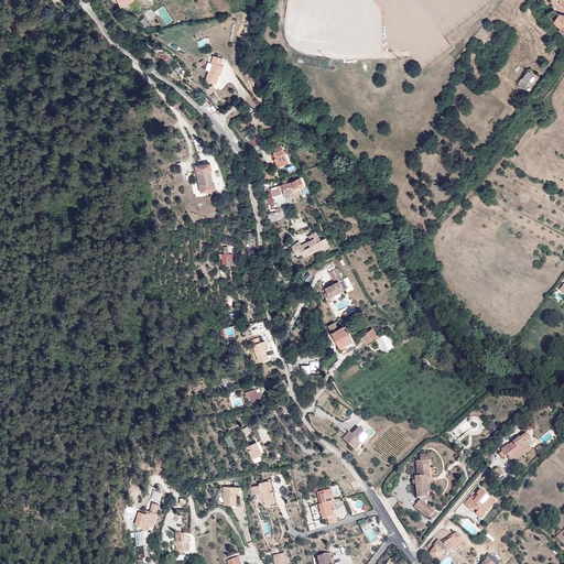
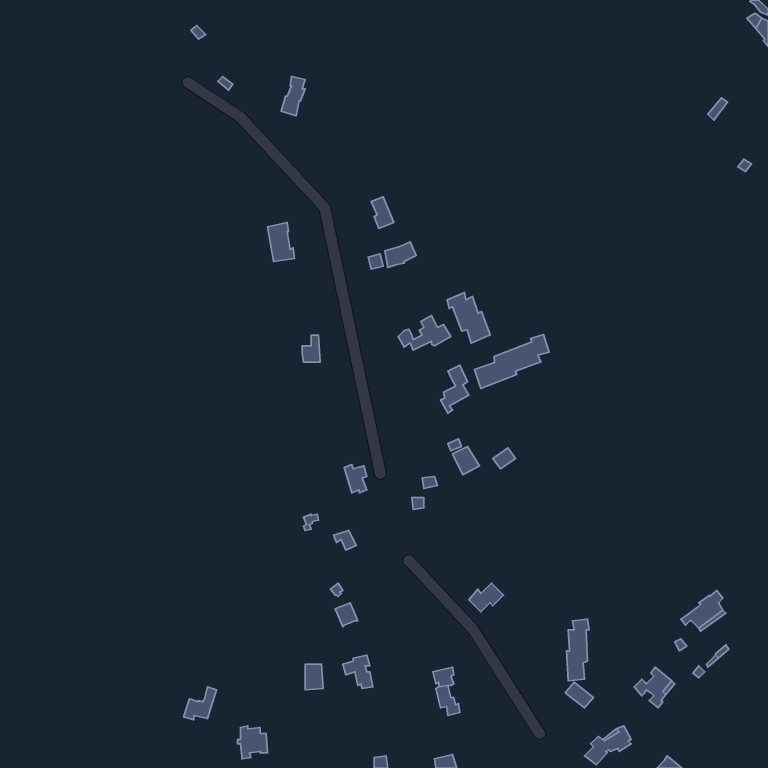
building: none -> [447,292,490,343]
building: none -> [475,335,549,389]

